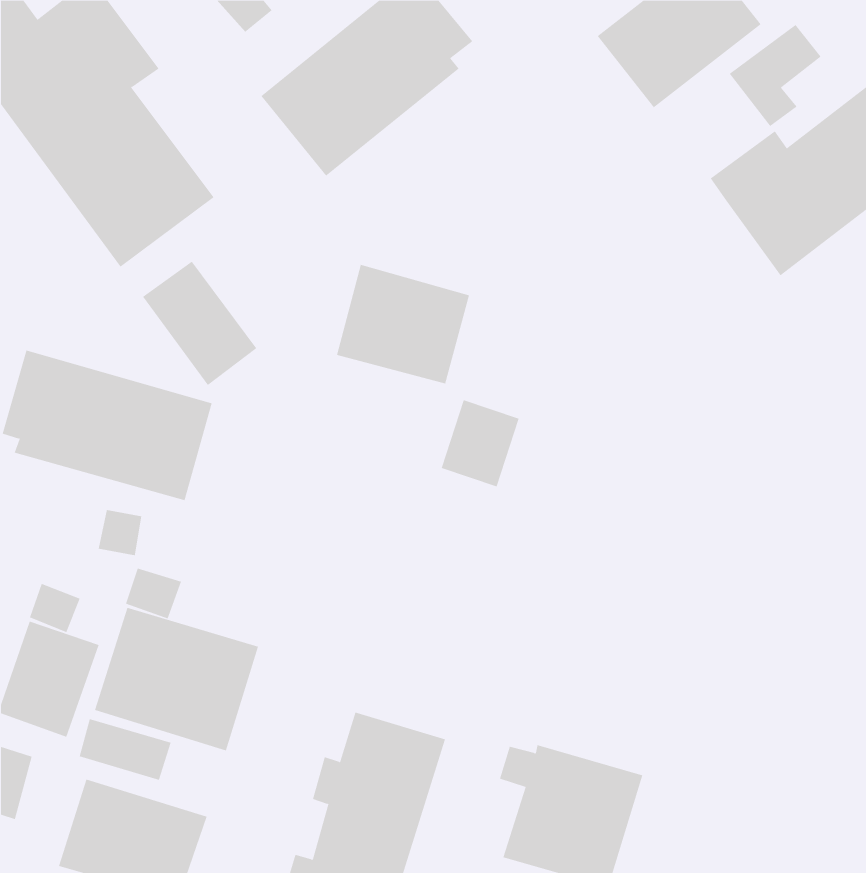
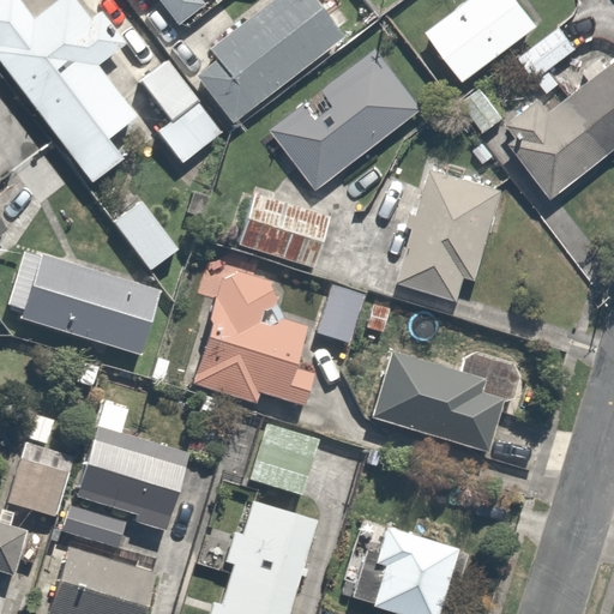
building: none -> [270,49,423,189]
building: none -> [137,56,225,164]
building: none -> [401,162,505,293]
building: none -> [191,265,317,407]
building: none -> [372,354,499,455]

